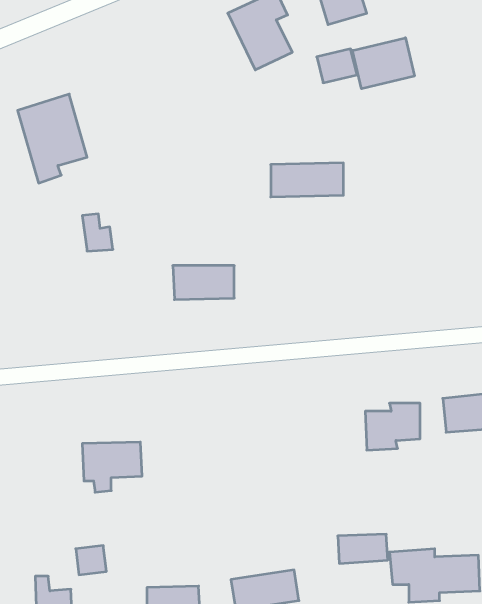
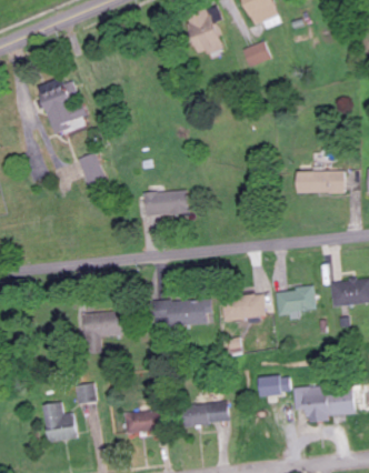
building: [353,38,414,89] -> none
building: [271,163,343,197] -> [293,170,343,193]
building: none -> [222,294,265,319]
building: none -> [158,299,211,323]

